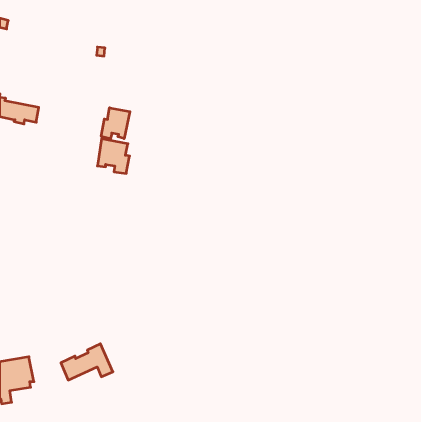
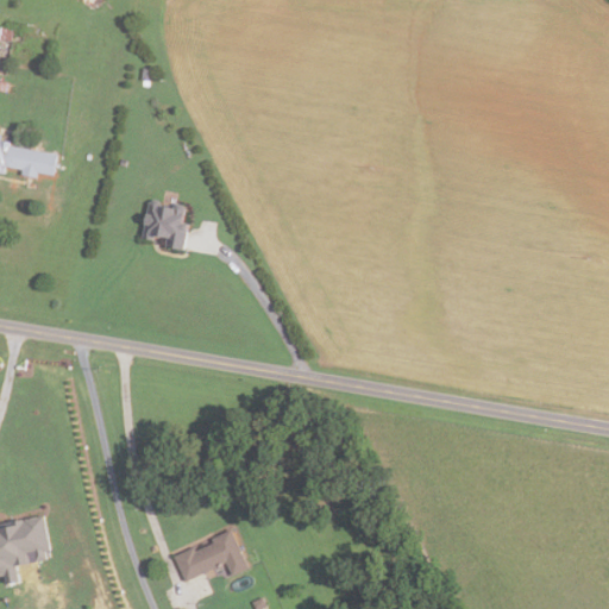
building: [101,108,130,139] -> none
building: [61,344,113,380] -> [174,529,249,582]

